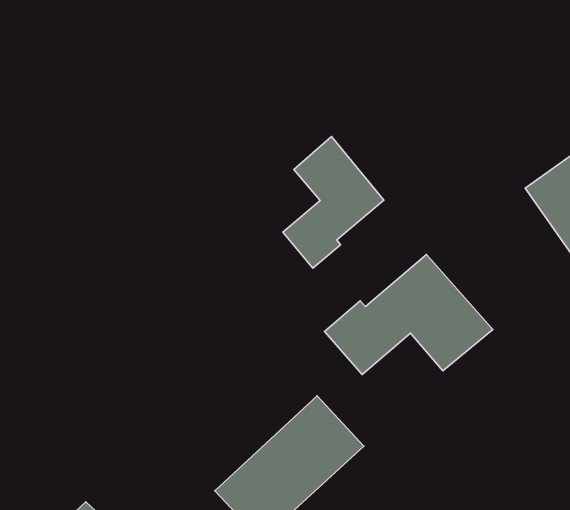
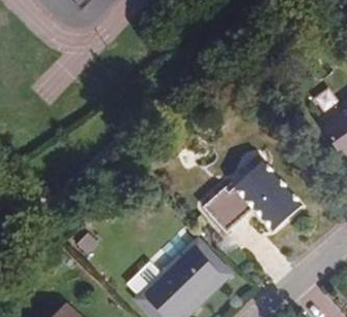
building: [283,136,384,268] -> none

